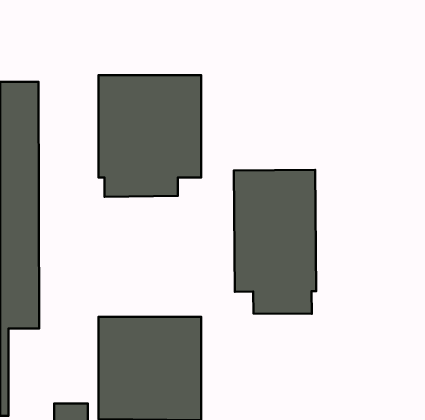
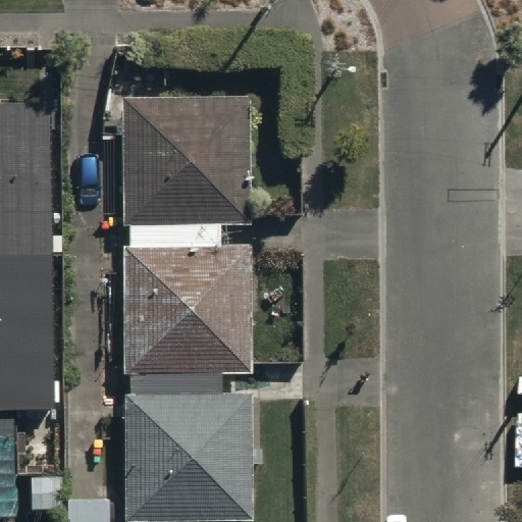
building: [234,170,316,314] -> none
building: none -> [122,247,252,395]

